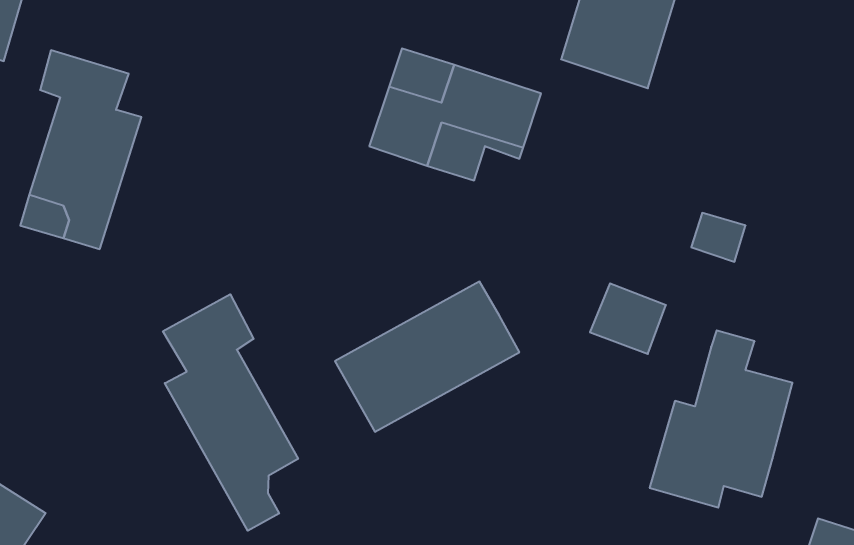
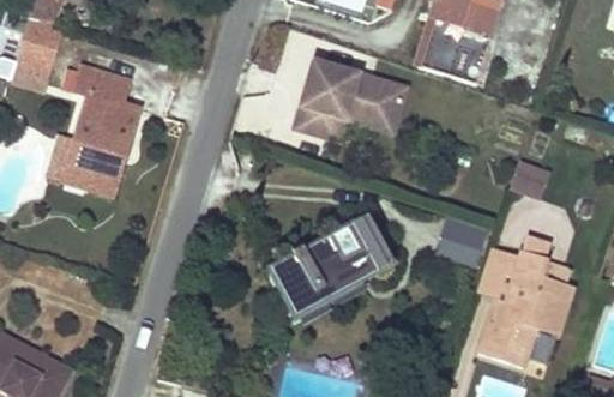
building: [163,294,298,531] -> none
building: none -> [475,248,518,299]

